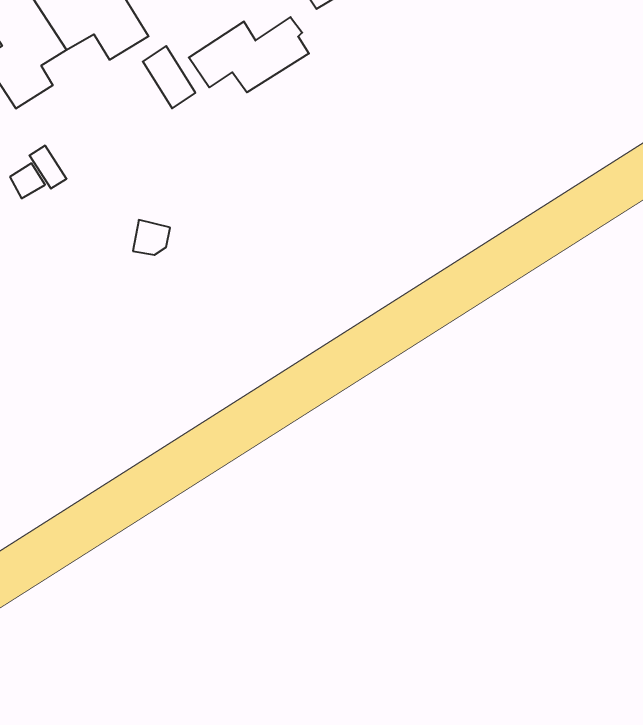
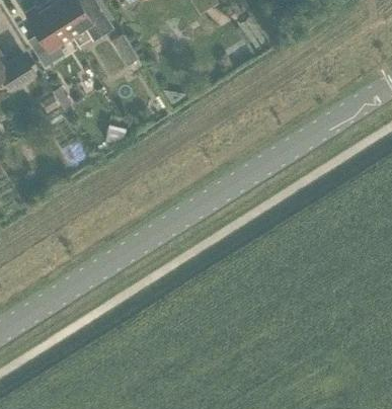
building: [189,17,309,92] -> none

